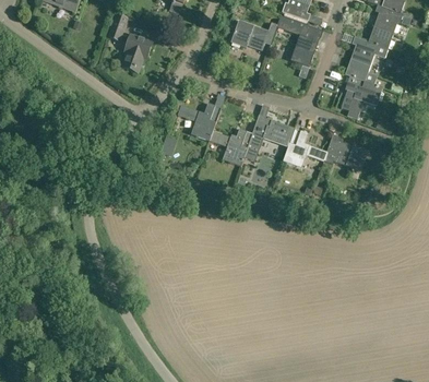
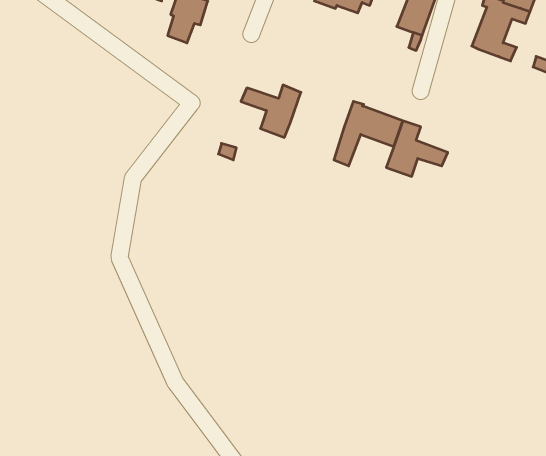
building: [341,75,383,119] -> none
building: [208,127,252,166] -> none
building: [323,134,368,170] -> none

